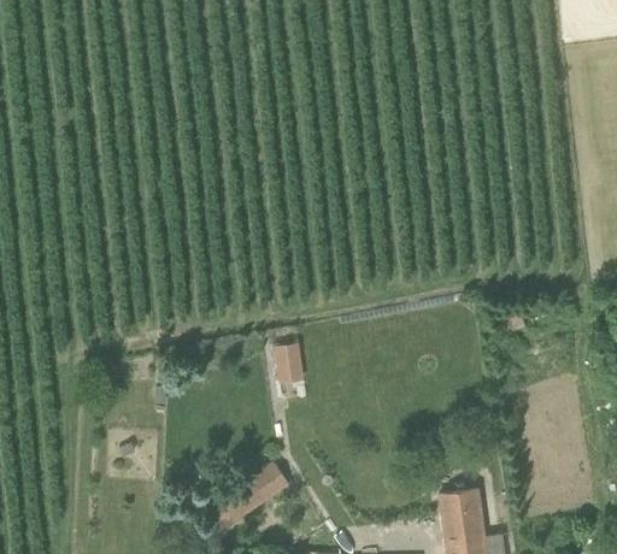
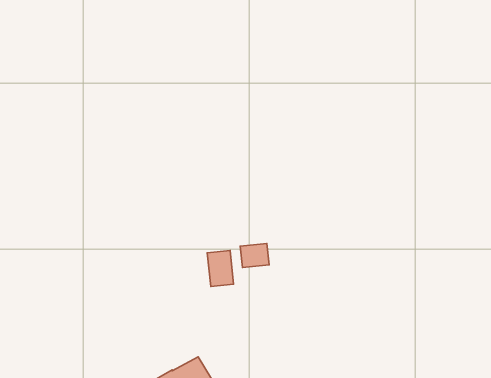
building: none -> [240,243,269,268]

